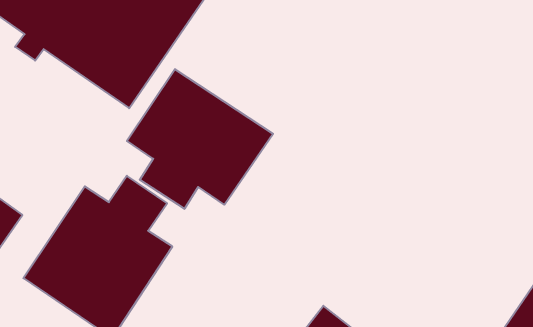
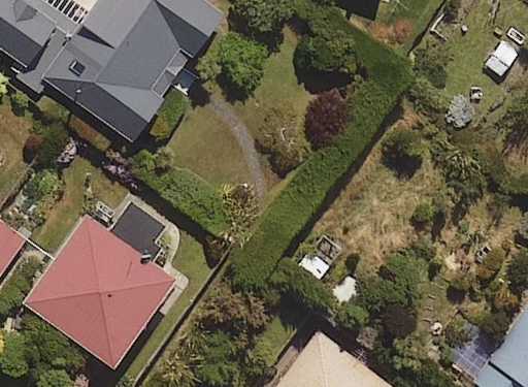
building: [127,69,273,209] -> none

